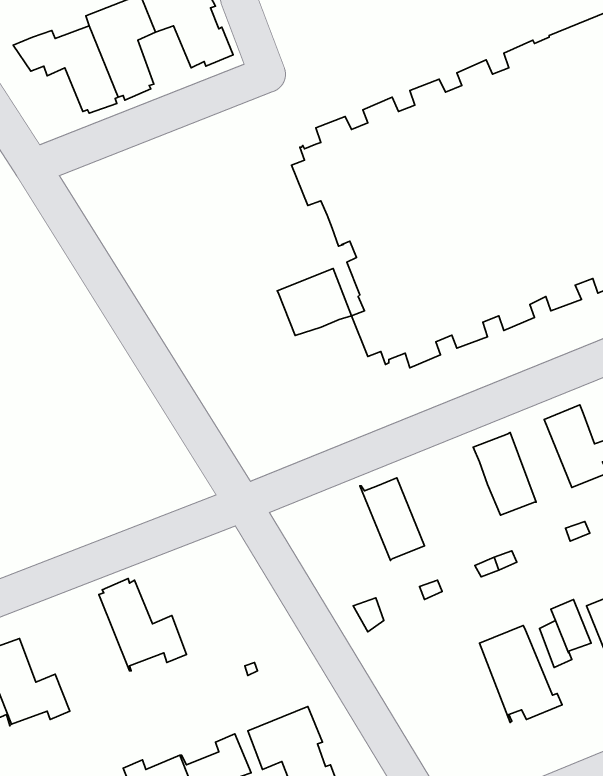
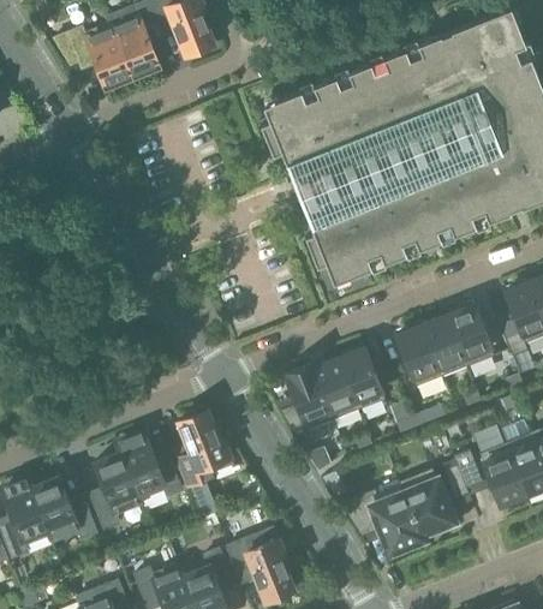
building: [277,268,352,335] -> none
building: none -> [423,316,469,377]
building: none -> [339,348,386,410]
building: none -> [280,365,334,435]
building: none -> [178,406,232,486]
building: none -> [94,446,141,530]
building: none -> [340,482,423,554]

